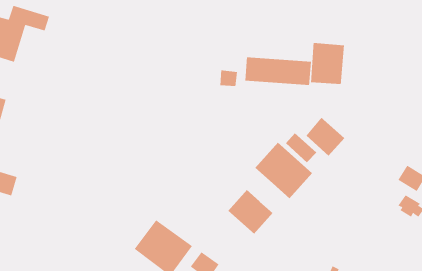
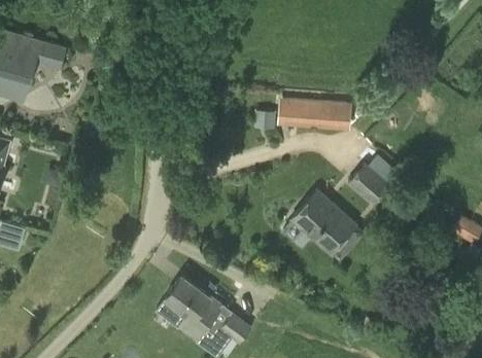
building: [310,42,345,85] -> none
building: [285,133,317,163] -> none
building: [227,189,273,235] -> none

